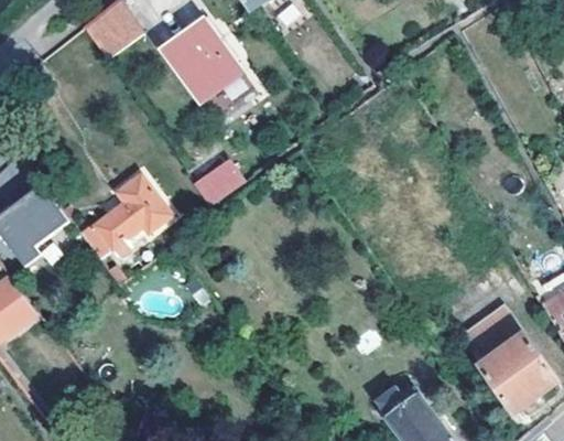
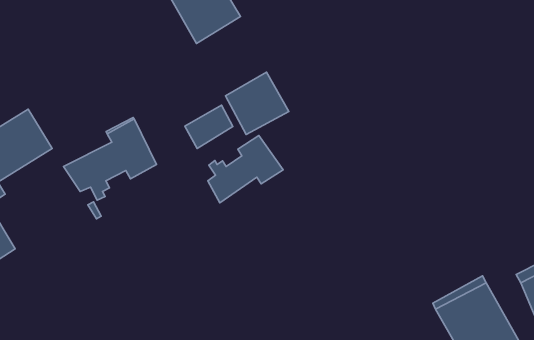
building: none -> [226,72,289,135]
building: none -> [208,136,283,203]

